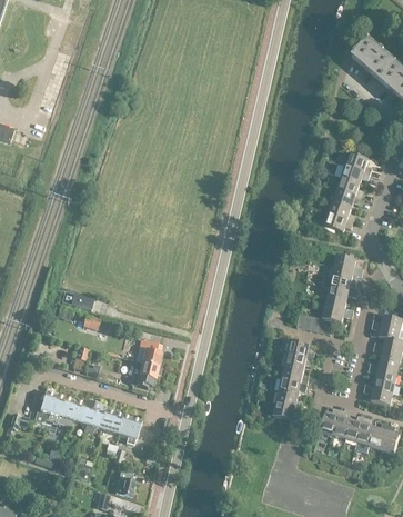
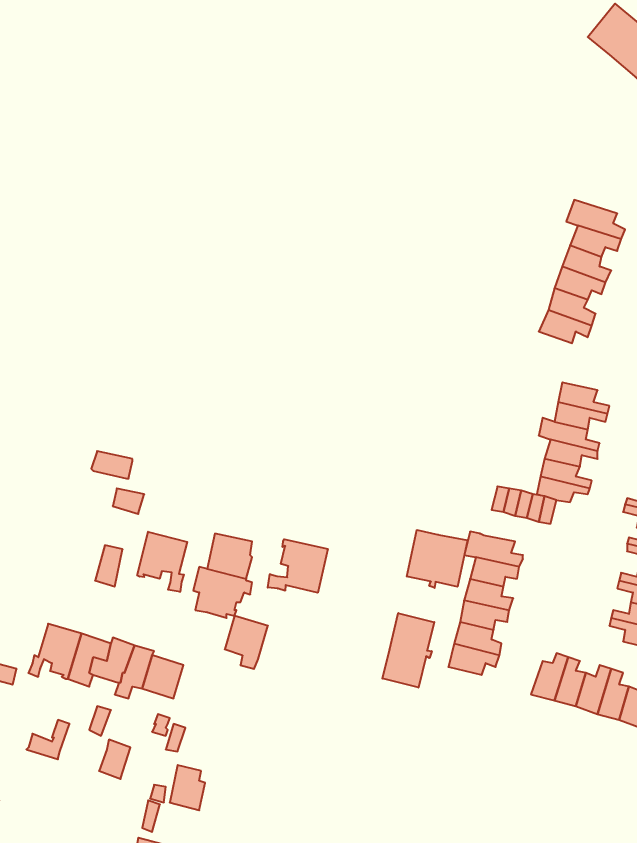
building: none -> [407,530,467,588]
building: none -> [137,532,187,592]
building: none -> [268,539,328,593]
building: none -> [382,613,434,688]
building: [117,414,141,444] -> [225,616,268,669]

